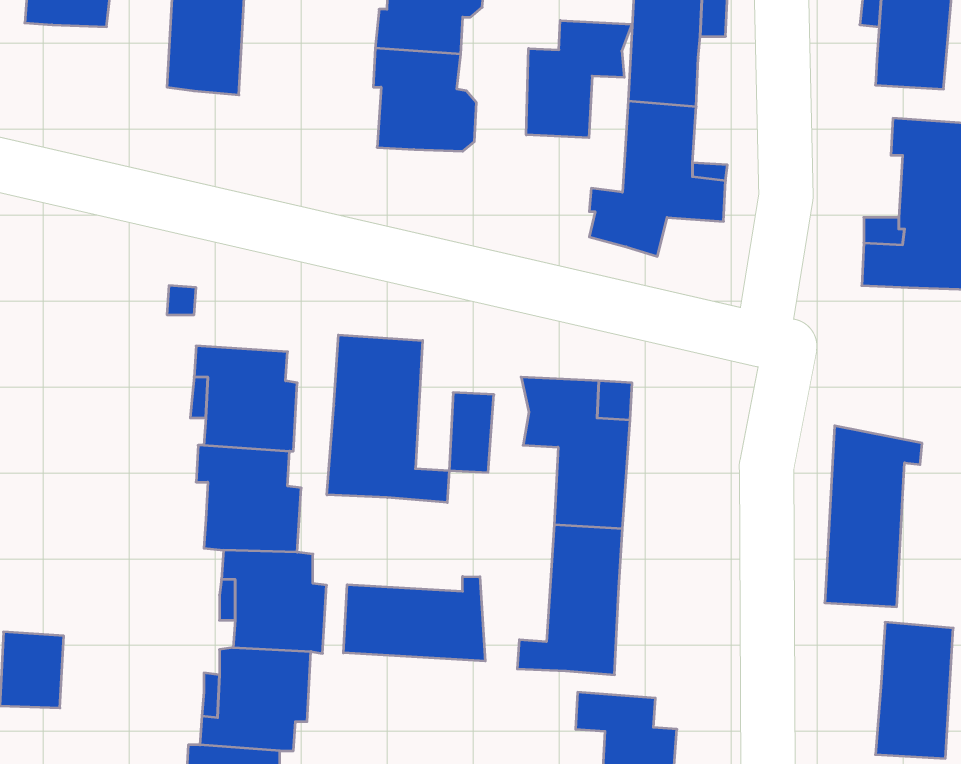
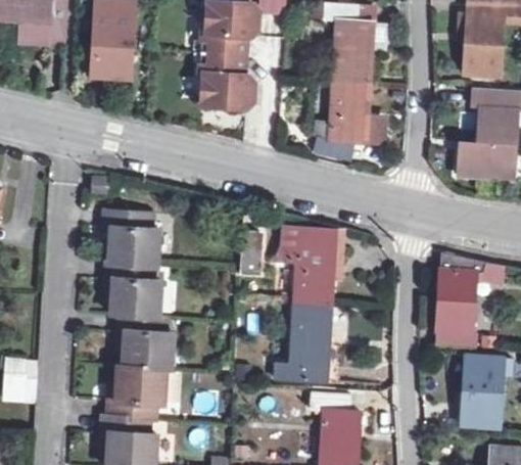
building: [526,20,632,138] -> none
building: [327,335,449,503] -> none
building: [343,576,485,661] -> none

